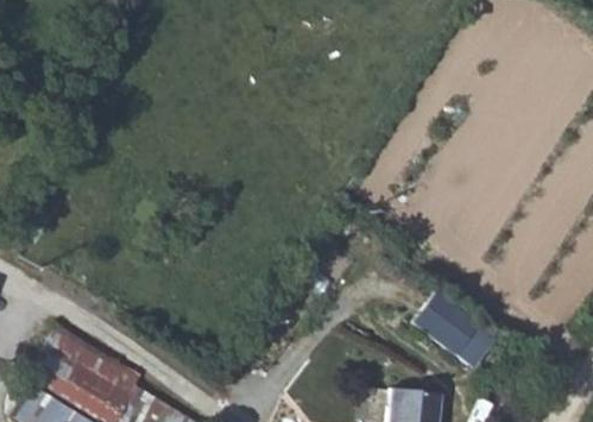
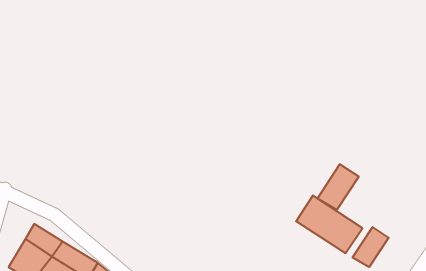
building: none -> [317,164,359,210]
building: none -> [353,227,389,267]

